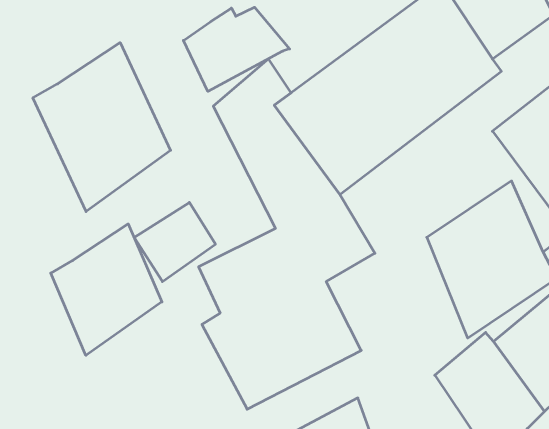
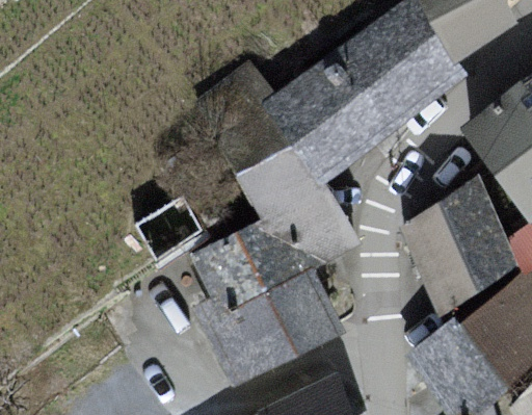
building: [183,7,290,91] -> none
building: [33,43,171,212] -> none
building: [51,224,162,355] -> none

